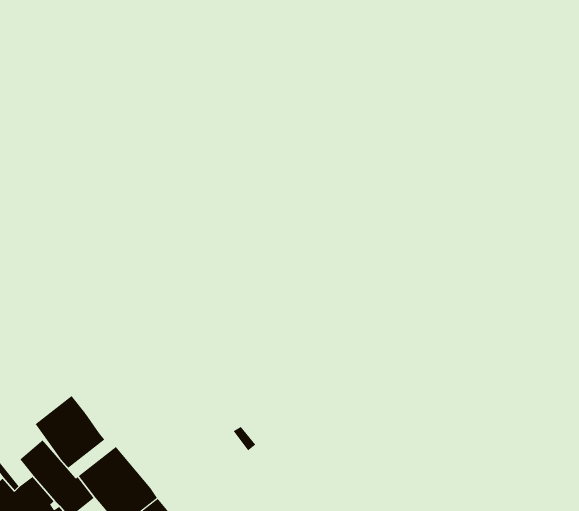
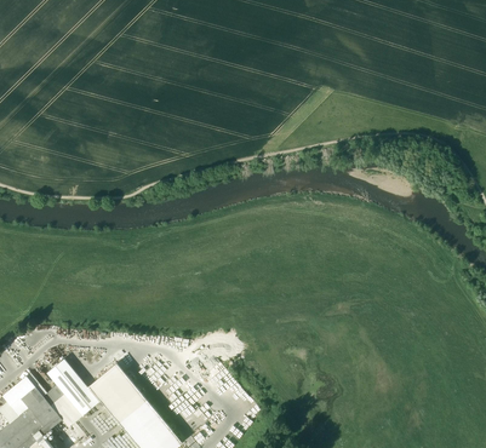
building: [35,395,105,468] -> none

